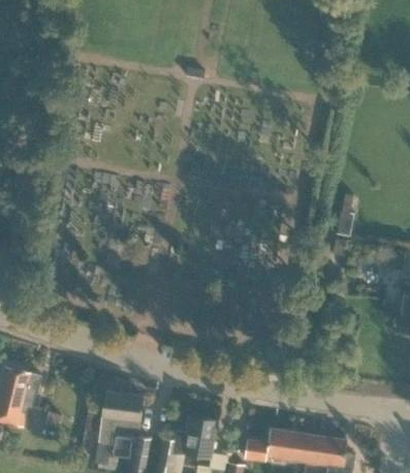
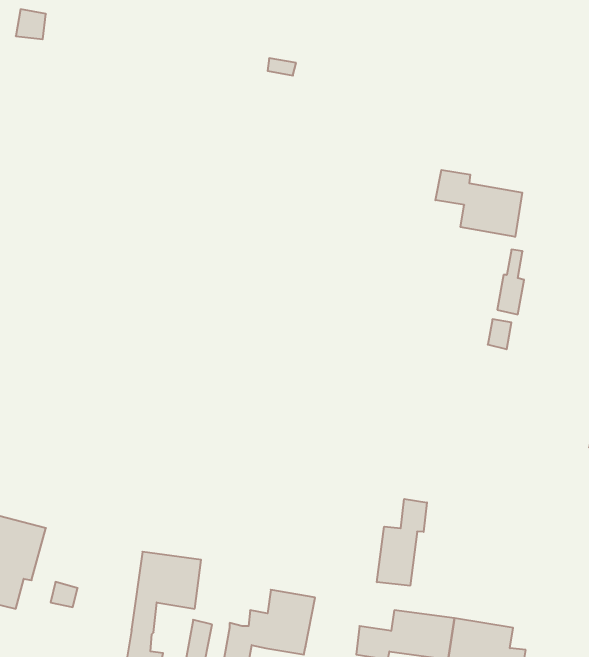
building: none -> [435,170,522,237]
building: none -> [377,499,427,586]

